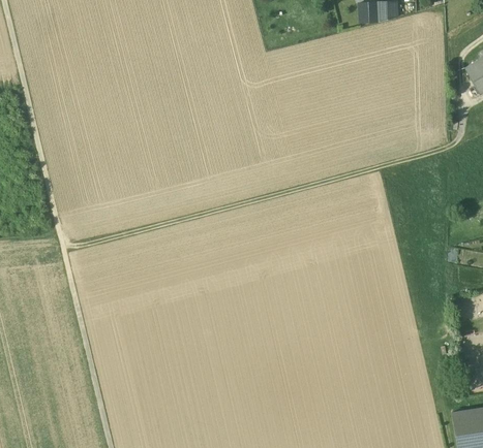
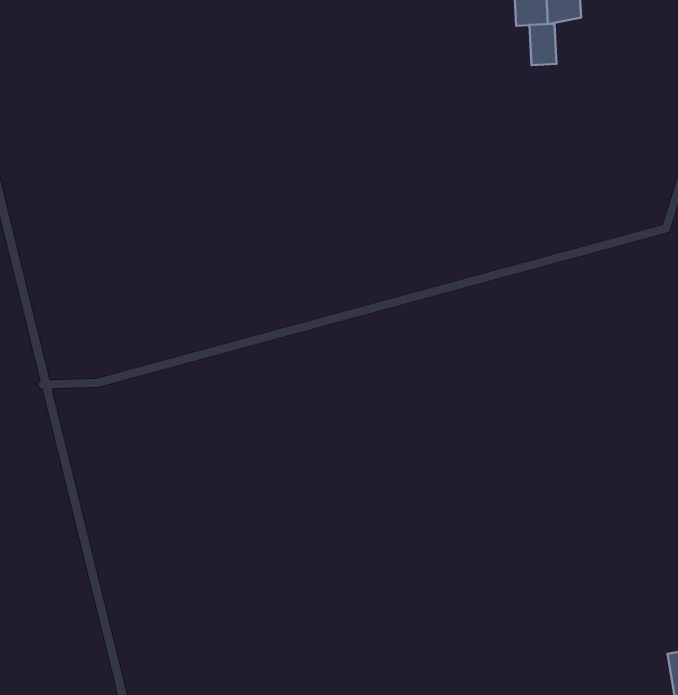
building: none -> [529,24,557,65]

